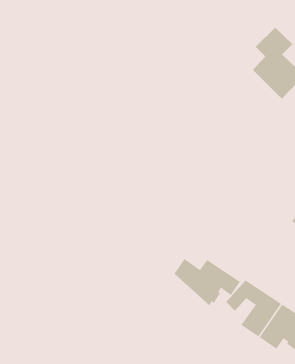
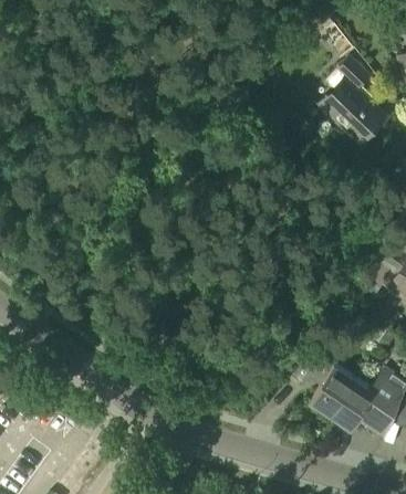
building: [174,258,240,306] -> none

